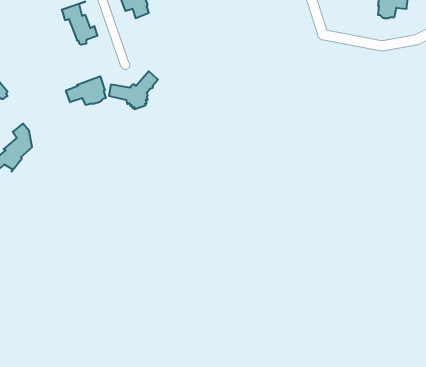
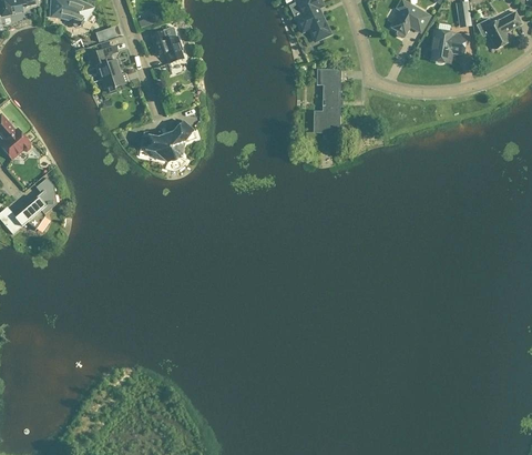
building: none -> [315,68,340,133]
building: [66,76,106,105] -> none

